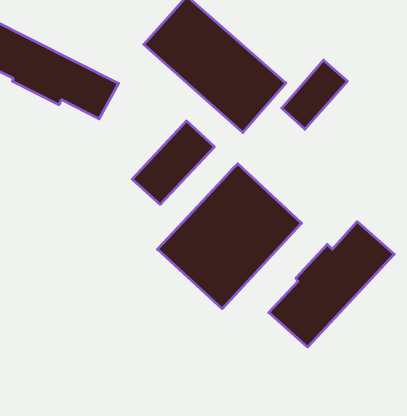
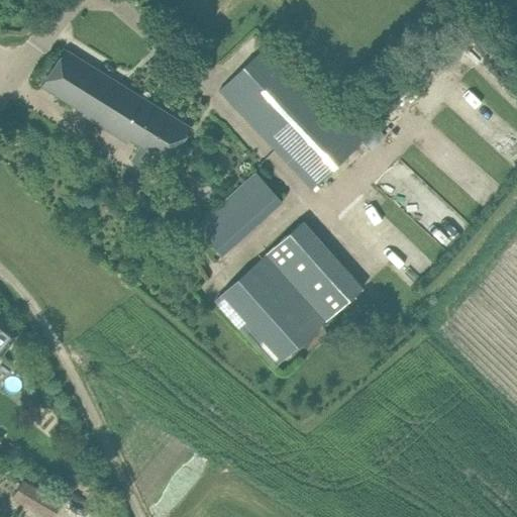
building: [282,60,347,129] -> none
building: [269,222,394,347] -> none

